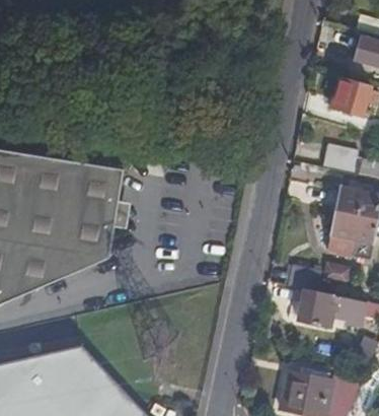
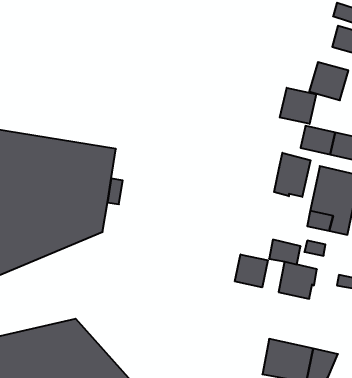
building: none -> [280,88,316,124]
building: none -> [274,153,311,197]
building: none -> [235,254,268,287]

